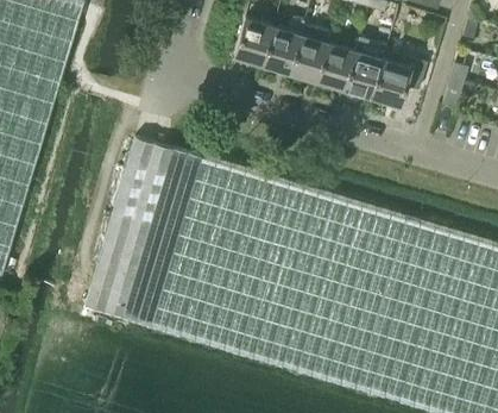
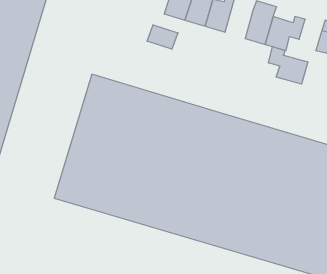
building: [316,42,354,88] -> none
building: none -> [147,25,178,49]
building: none -> [268,47,308,84]

